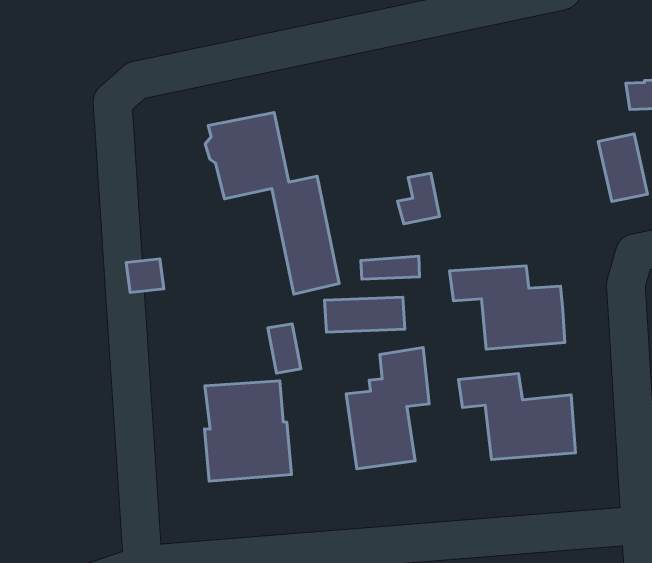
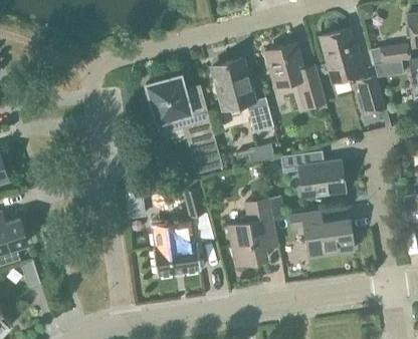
building: none -> [321,30,364,83]
building: none -> [265,44,326,108]
building: none -> [212,59,254,110]
building: [324,297,405,332] -> none

